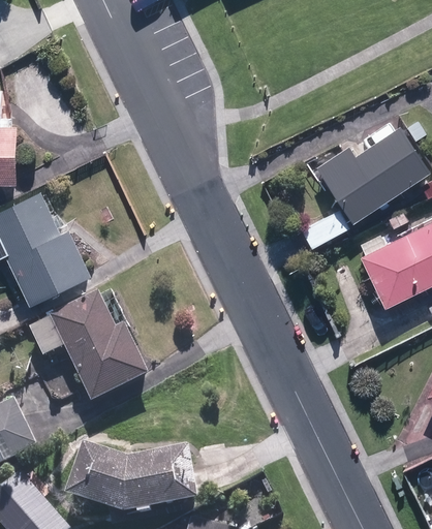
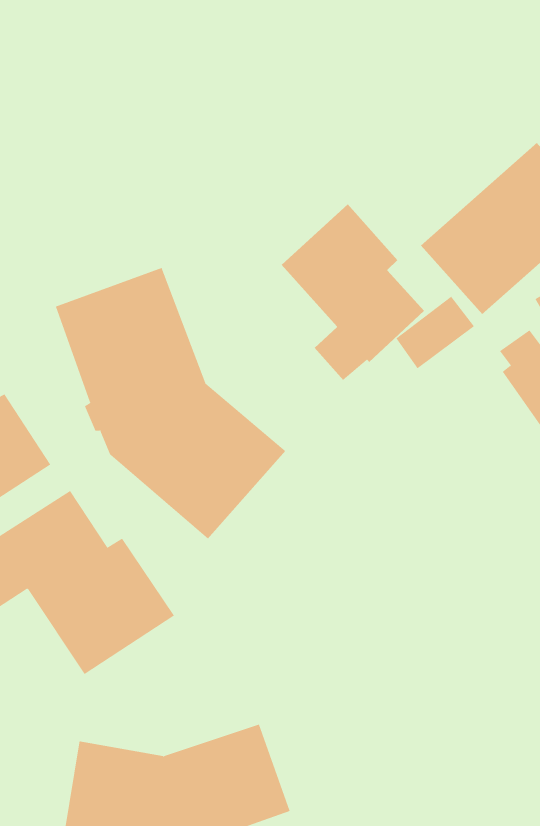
building: none -> [281,204,425,381]
building: none -> [55,267,286,540]

